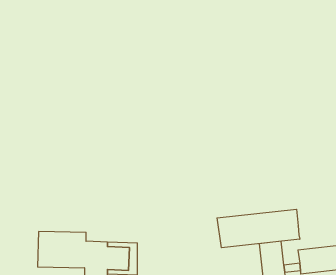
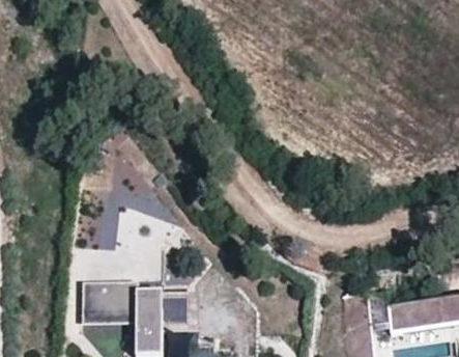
building: [217,209,300,248] -> none

